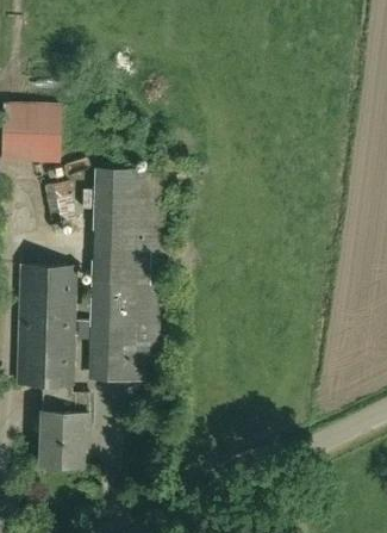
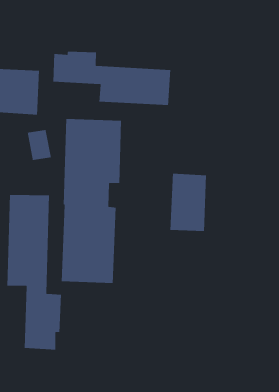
building: none -> [52,51,171,106]
building: none -> [170,173,207,232]

